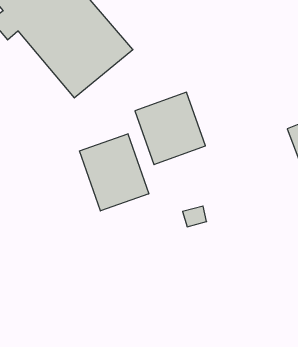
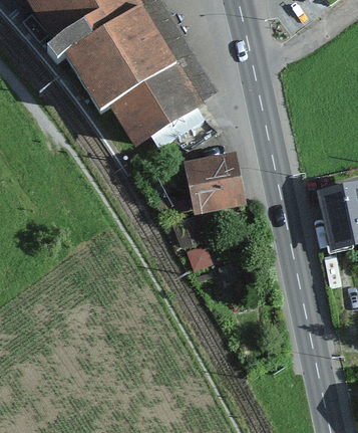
building: [79,134,149,211] -> none

